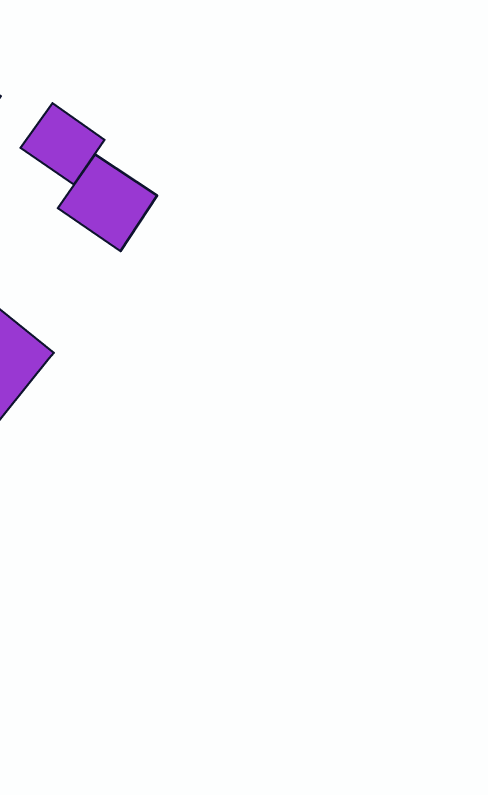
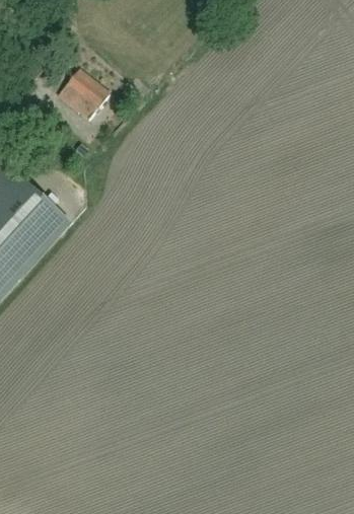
building: [58,154,157,251] -> none

